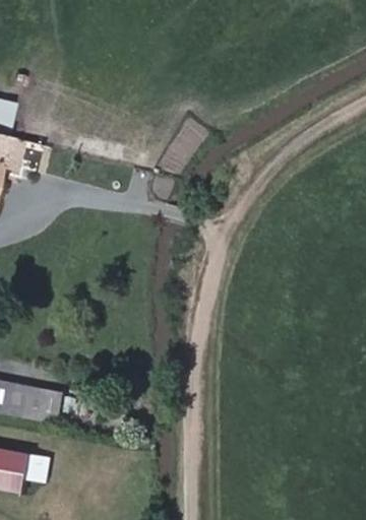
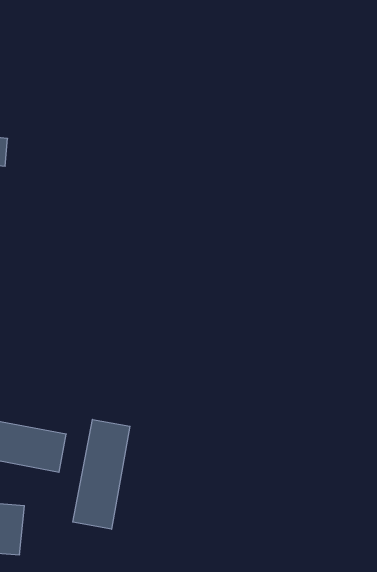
building: none -> [73,419,130,529]

